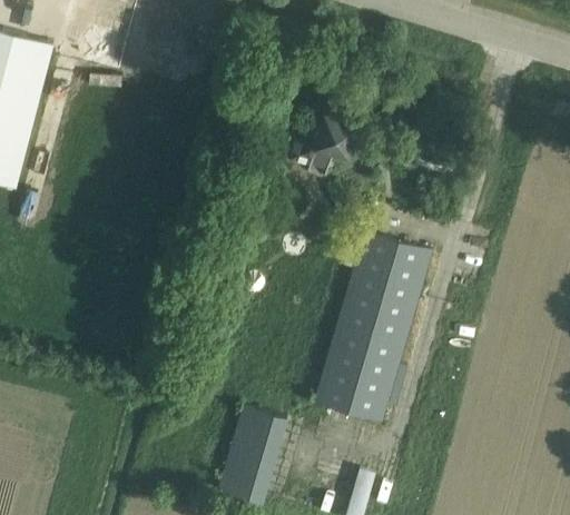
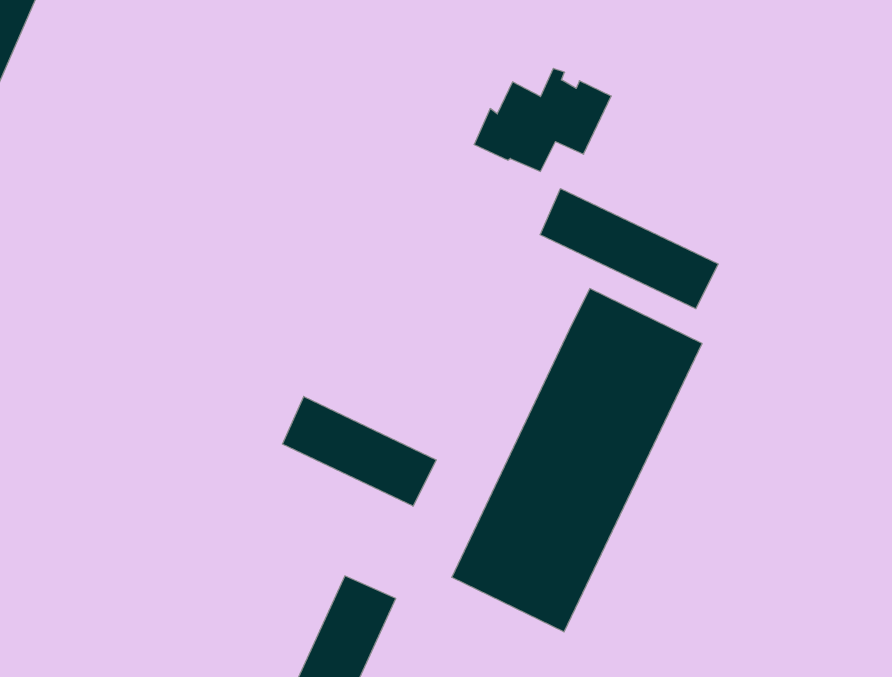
building: none -> [540,189,718,309]
building: none -> [282,396,436,506]

